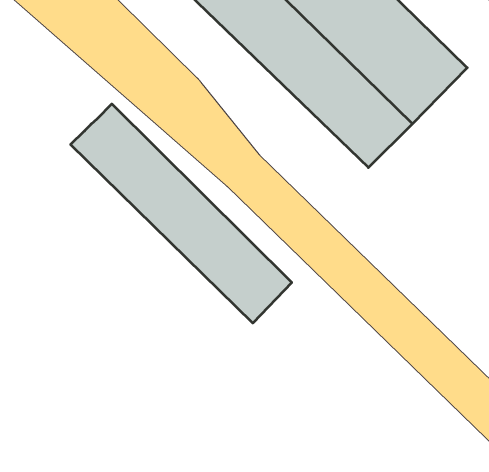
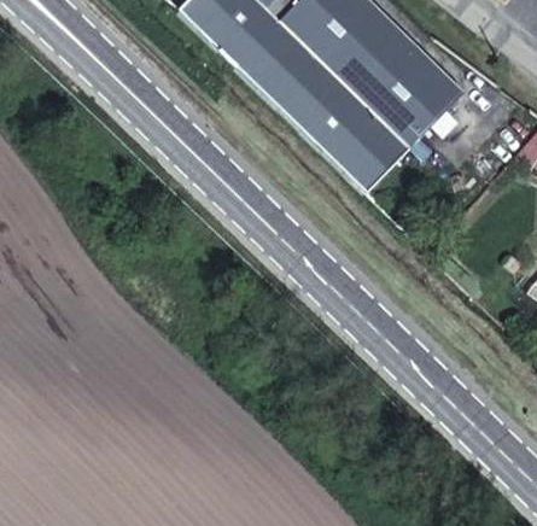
building: [71,104,292,323] -> none

